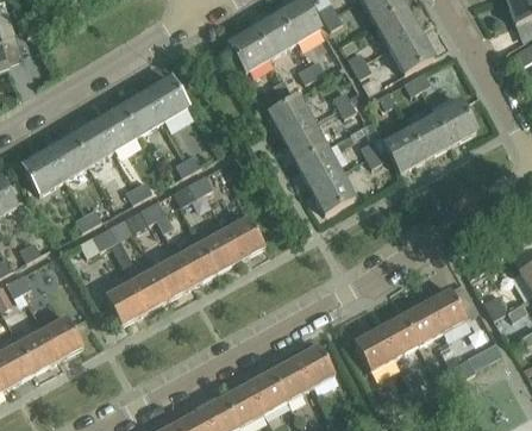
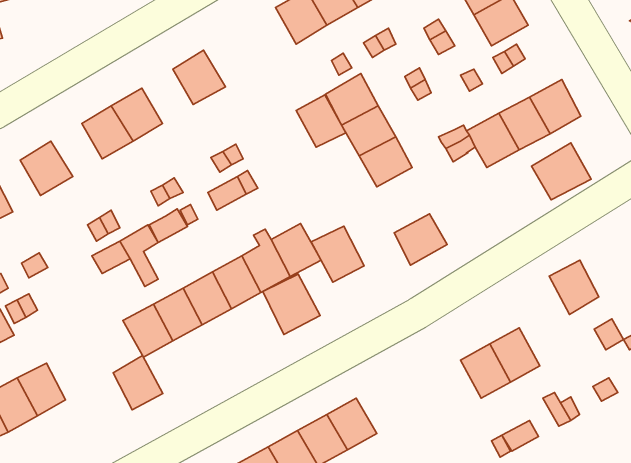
building: [120,90,162,135] -> none
building: none -> [296,95,346,147]
building: [46,135,88,177] -> none
building: none -> [532,143,591,200]
building: [311,170,353,212] -> [394,214,447,265]
building: none -> [311,226,364,282]
building: none -> [263,274,320,334]
building: [426,287,467,331] -> [549,260,599,314]
building: [43,314,83,358] -> [113,355,163,410]
building: [353,326,395,370] -> none
building: [294,344,334,386] -> none

